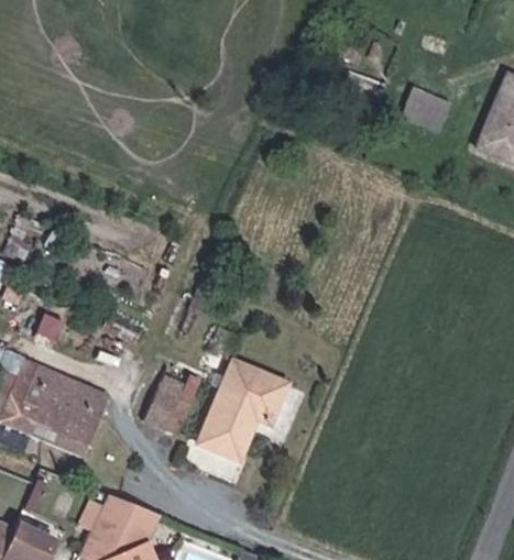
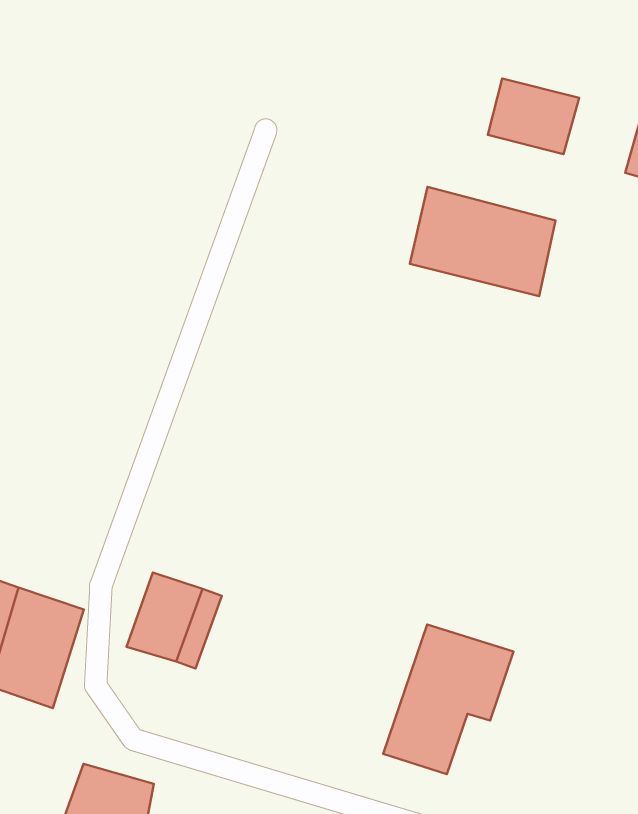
building: none -> [410,187,556,296]
building: [198,365,287,462] -> [383,625,514,774]

